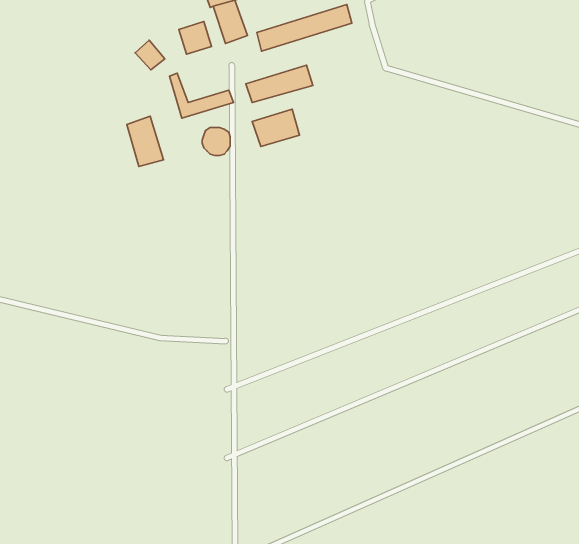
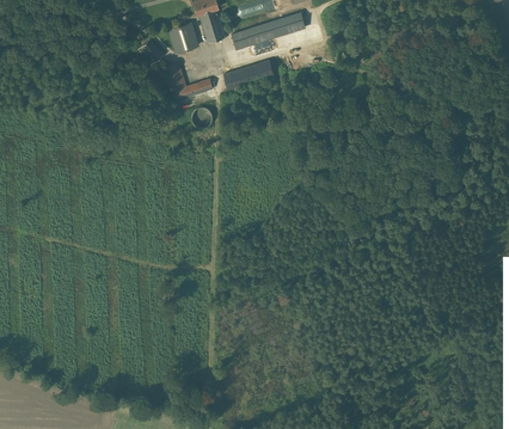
building: [252,109,300,146] -> none
building: [127,116,163,167] -> none

